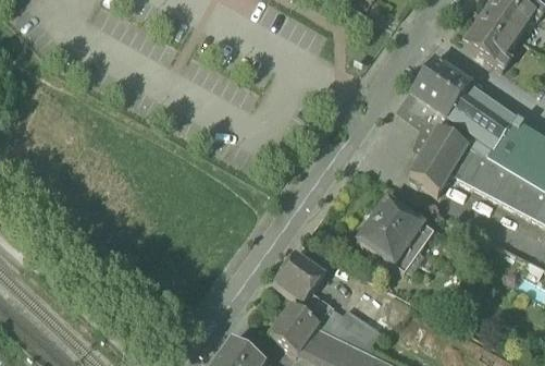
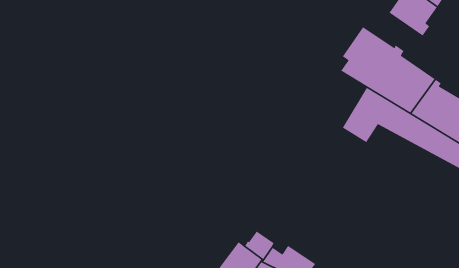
building: [357,197,432,271] -> none
building: [272,251,323,303] -> none

